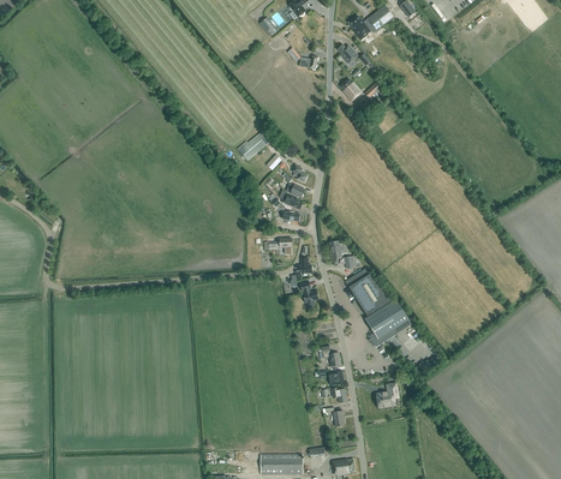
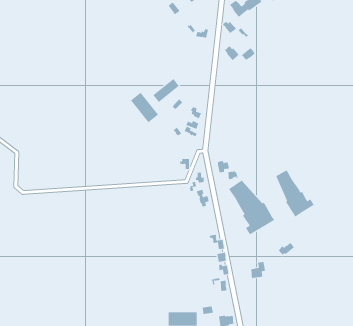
building: none -> [130,92,159,123]
building: none -> [276,170,314,217]

